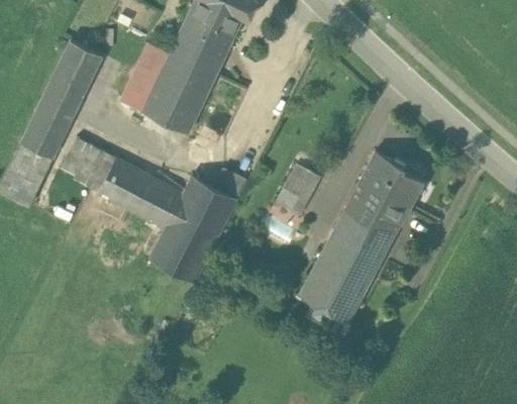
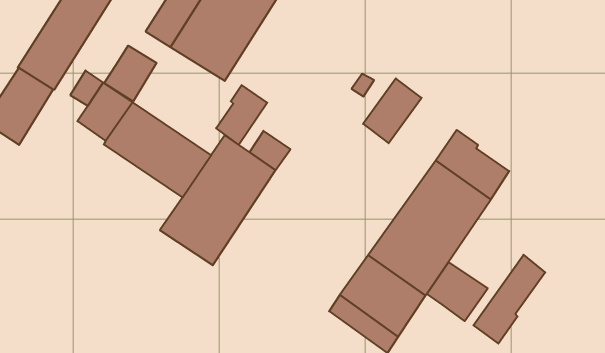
building: none -> [104,46,156,101]
building: none -> [216,85,267,145]
building: [278,165,322,217] -> [363,78,422,143]
building: none -> [473,255,545,344]
building: none -> [427,262,488,321]

